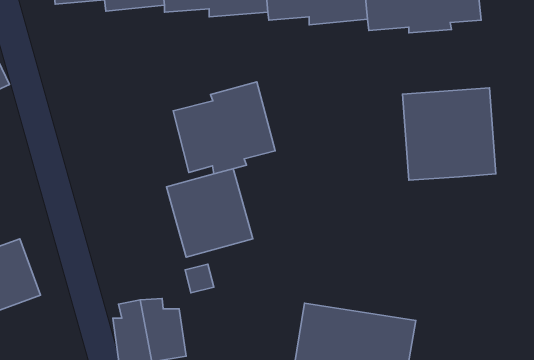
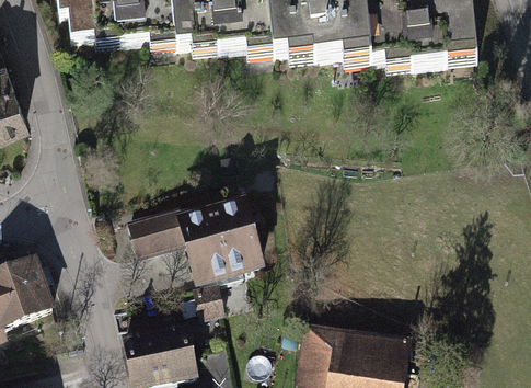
building: [173,82,275,174] -> none
building: [402,88,496,180] -> none
building: none -> [128,212,184,258]

